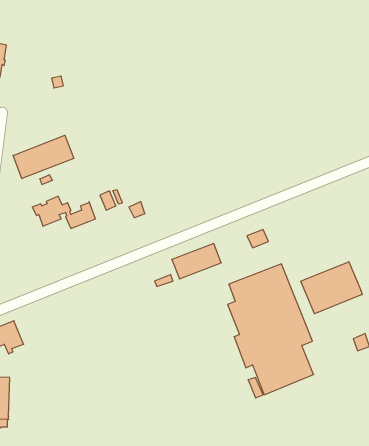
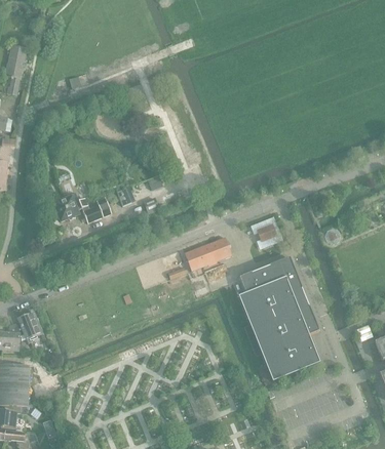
building: [13,135,74,179] -> none
building: [301,262,362,314] -> none

